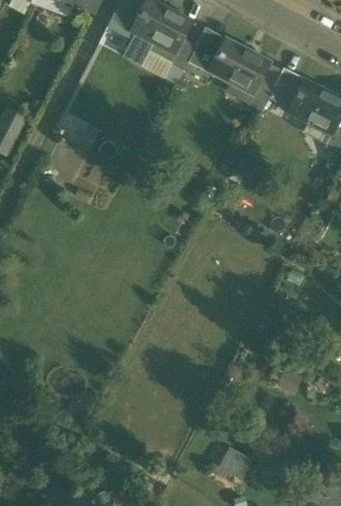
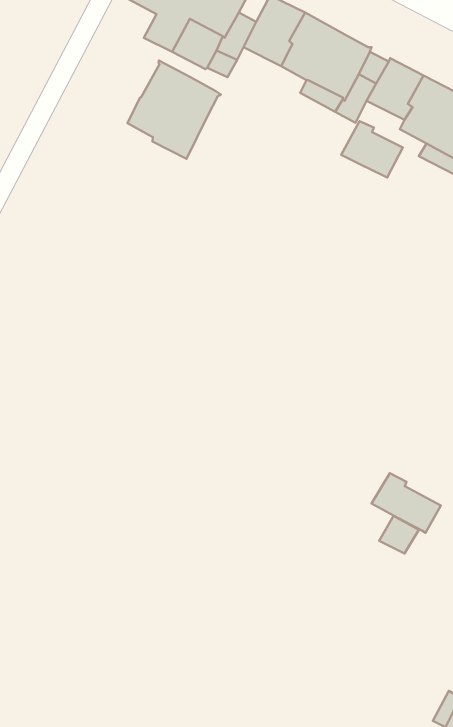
building: none -> [127,61,221,159]
building: none -> [341,121,403,178]
building: none -> [371,473,441,533]
building: [217,444,252,477] -> none

